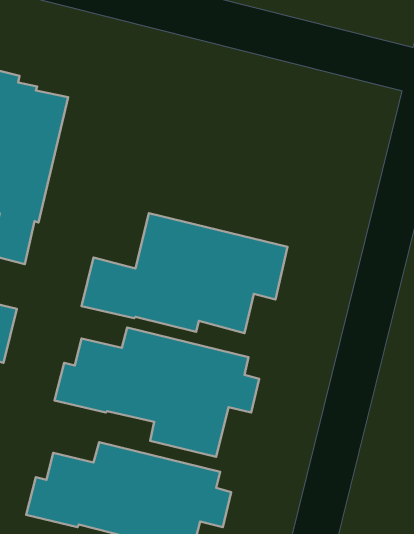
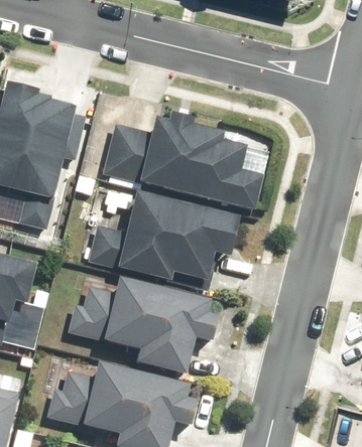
building: none -> [101,113,265,210]

